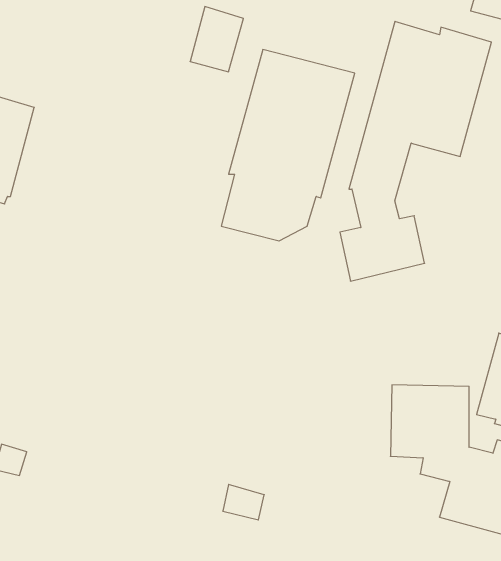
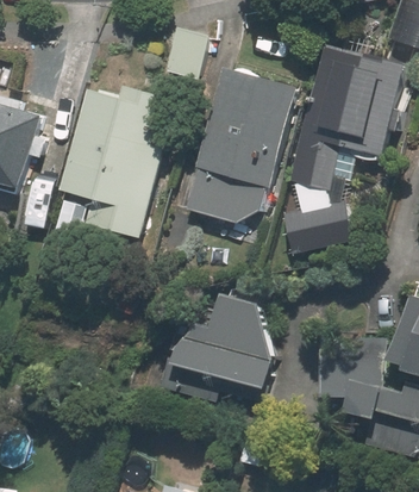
building: none -> [60,85,163,237]
building: none -> [160,292,276,405]

